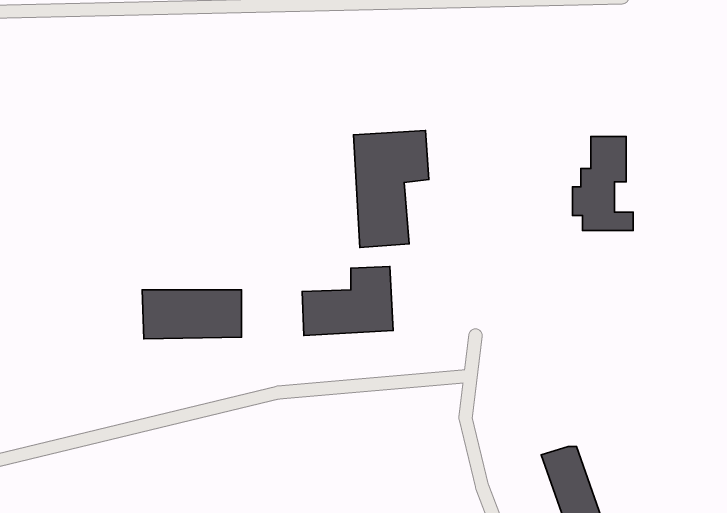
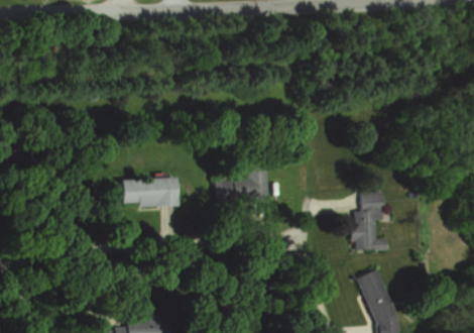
building: [354,131,429,248] -> none
building: [572,136,633,231] -> [351,193,387,249]

